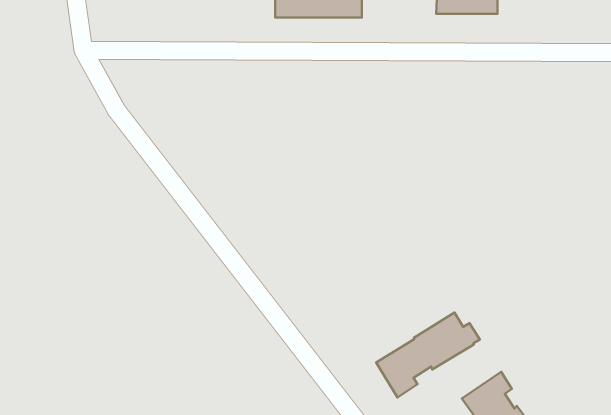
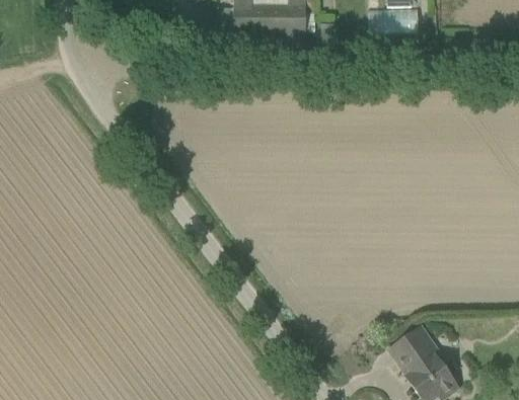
building: [376,312,480,398] -> none

